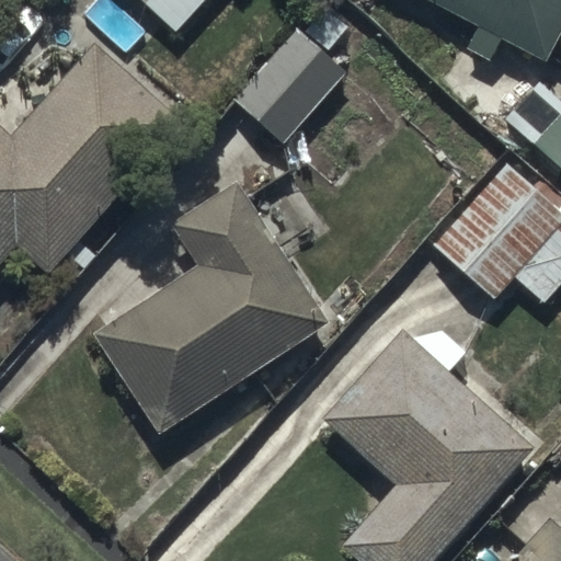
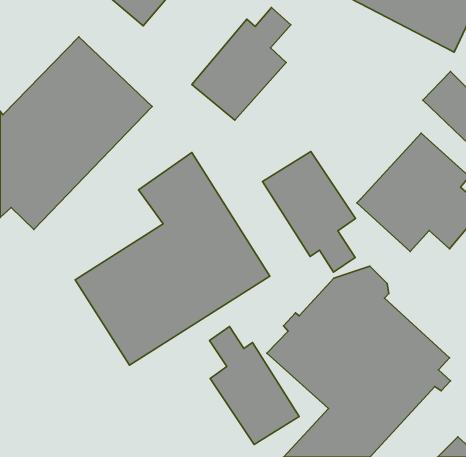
building: none -> [263,152,355,272]
building: none -> [209,327,299,444]

